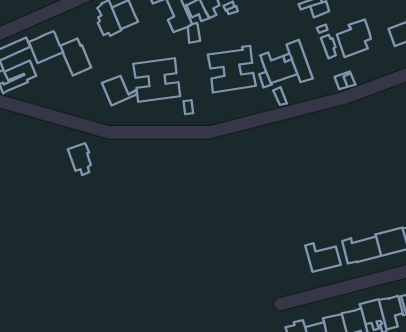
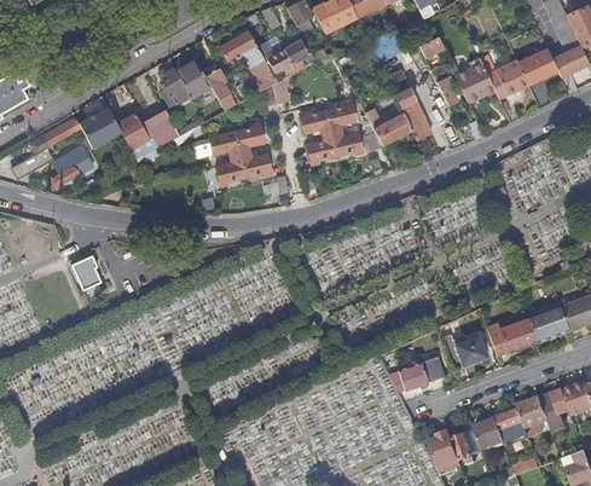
building: none -> [204,66,237,110]
building: none -> [491,59,528,98]
building: [102,76,137,105] -> [144,109,189,146]
building: [68,143,91,175] -> [73,254,103,294]
building: none -> [386,357,445,392]

